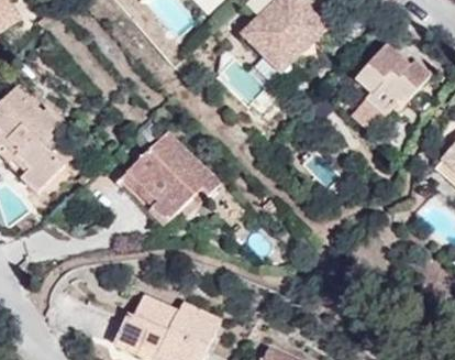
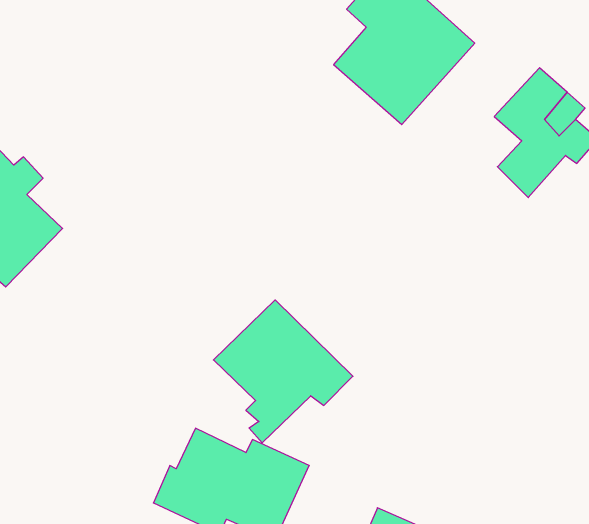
building: [119,132,213,229] -> [213,300,353,443]

